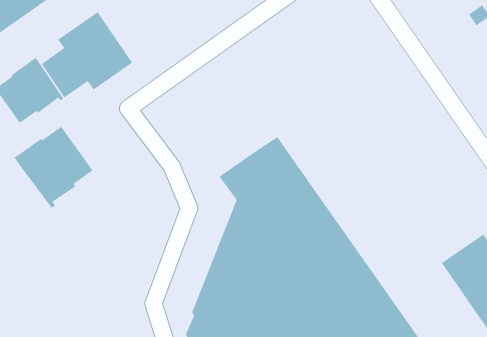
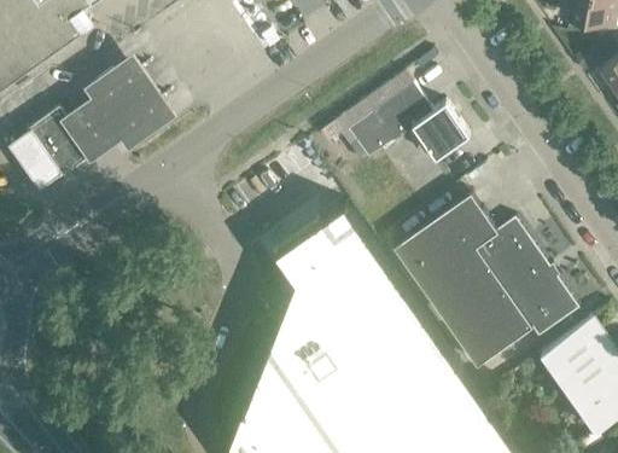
building: none -> [338,72,470,164]
building: [14,126,93,209] -> none
building: none -> [393,193,579,366]

